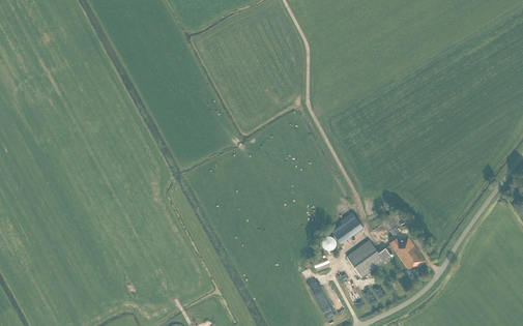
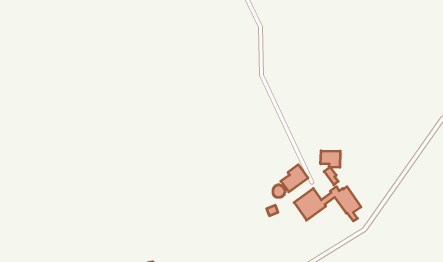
building: none -> [321,151,340,167]

